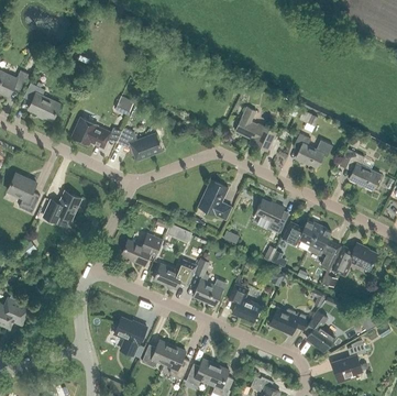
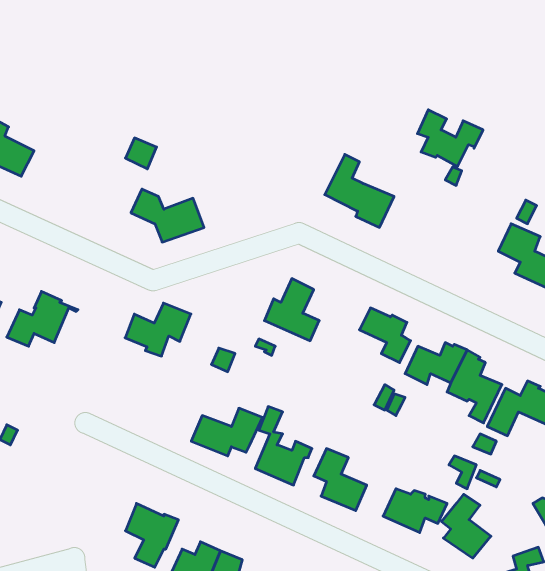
building: [73,118,110,147] -> none
building: [293,133,332,167] -> [417,110,483,166]
building: [122,233,162,265] -> [125,303,191,356]

